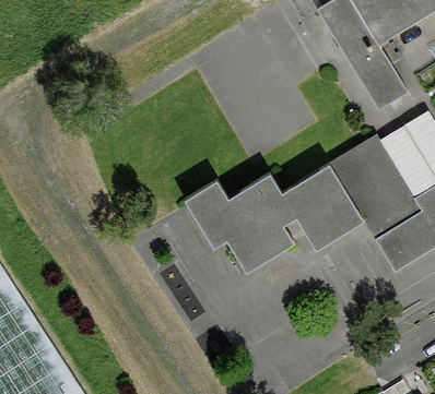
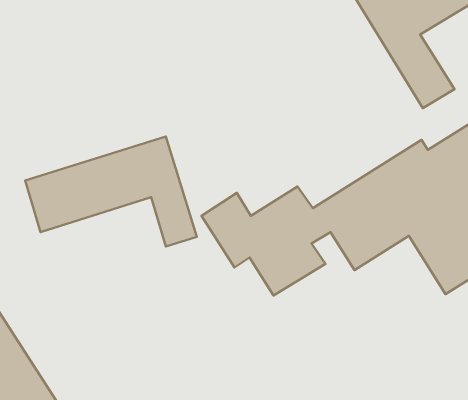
building: none -> [25,137,197,247]

